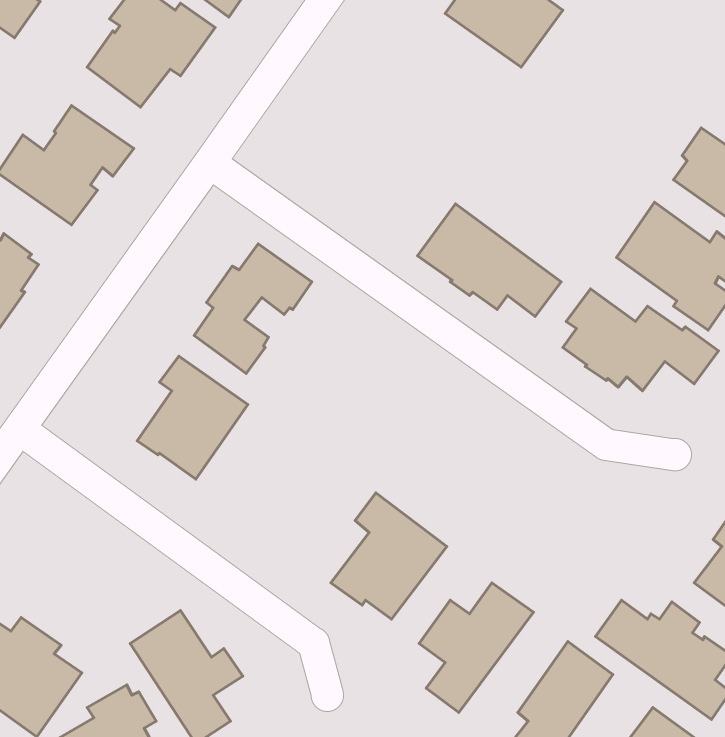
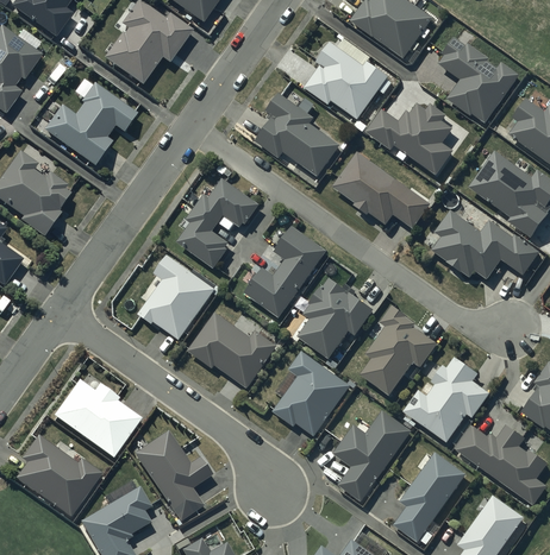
building: none -> [439,37,519,122]
building: none -> [305,38,392,119]
building: none -> [256,93,340,176]
building: none -> [367,102,454,175]
building: none -> [245,227,326,317]
building: none -> [298,278,374,359]
building: none -> [361,307,437,395]
building: none -> [188,311,277,387]
building: none -> [405,357,490,441]
building: none -> [54,380,142,458]

